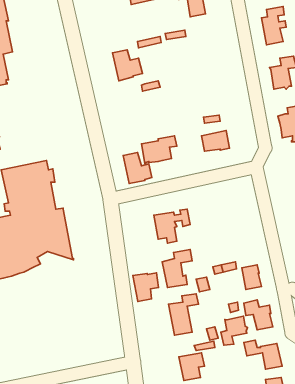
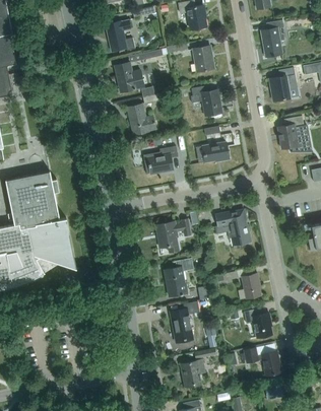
building: none -> [105,19,135,51]
building: none -> [193,46,213,71]
building: none -> [190,84,222,116]
building: [123,153,152,184] -> [127,104,155,134]
building: none -> [215,210,251,246]
building: [133,273,159,301] -> none
building: [221,316,248,345] -> none

